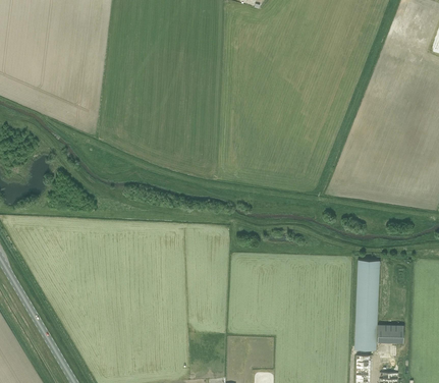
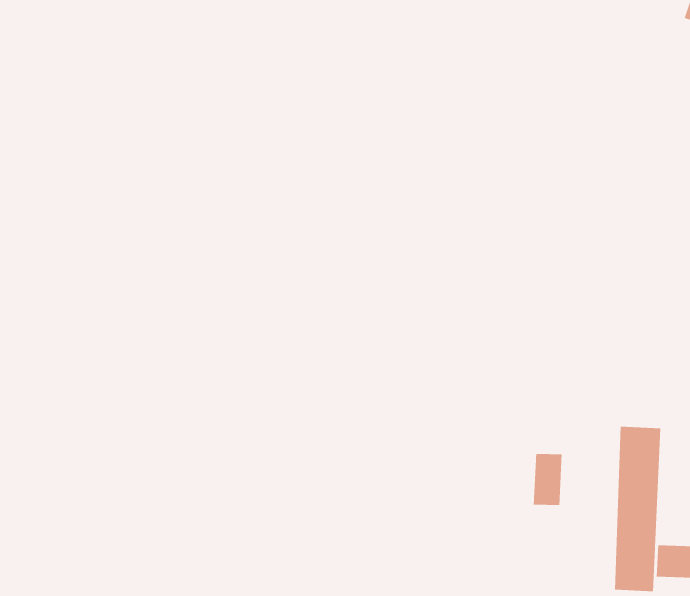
building: none -> [533,453,562,506]

